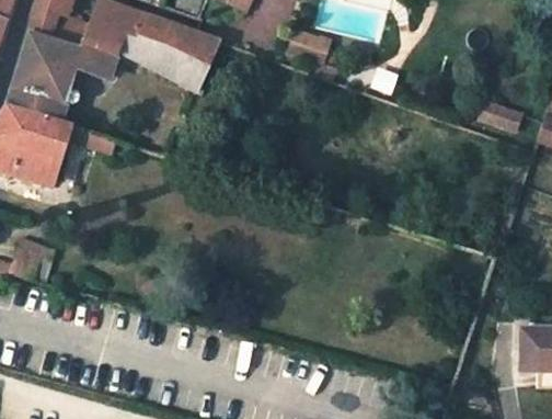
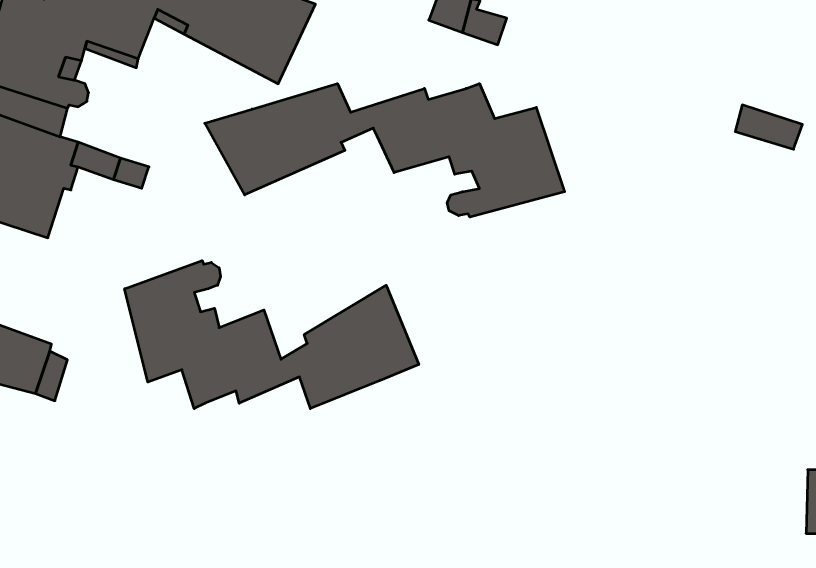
building: none -> [205,84,565,217]
building: none -> [125,261,419,409]

